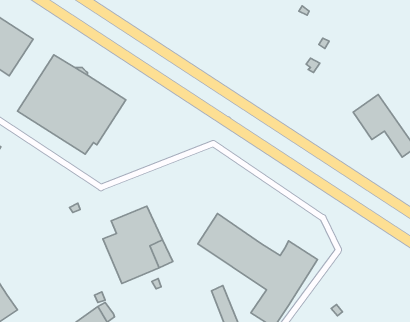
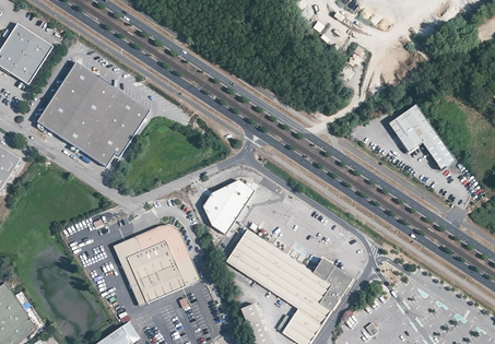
building: none -> [201,181,256,236]
building: none -> [113,237,145,306]

